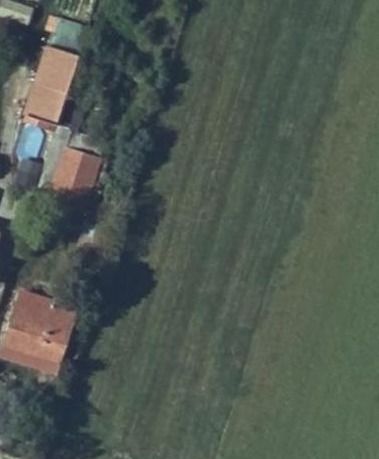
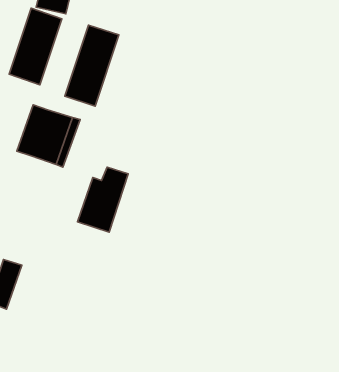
building: none -> [65,25,119,106]
building: [20,304,74,372] -> [77,167,128,232]

